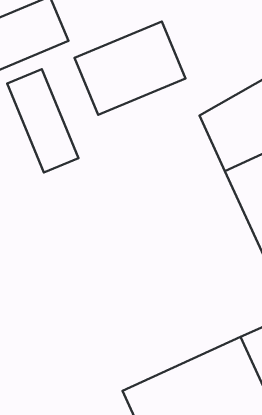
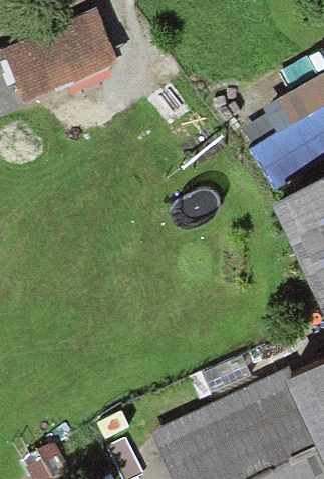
building: [75,22,186,115] -> none
building: [7,69,79,173] -> none

